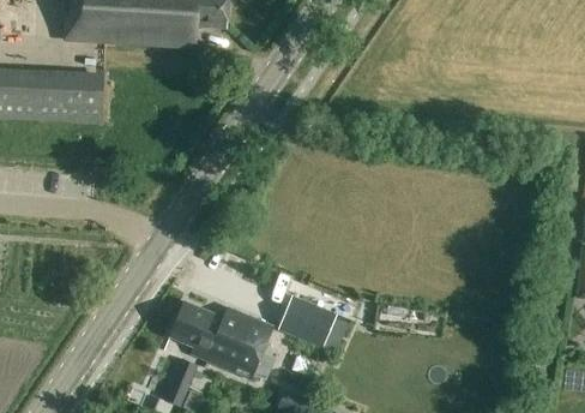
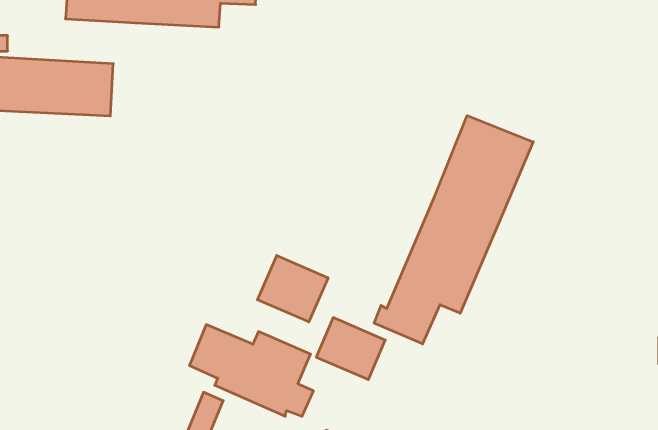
building: none -> [374,116,533,344]
building: none -> [257,255,328,322]

